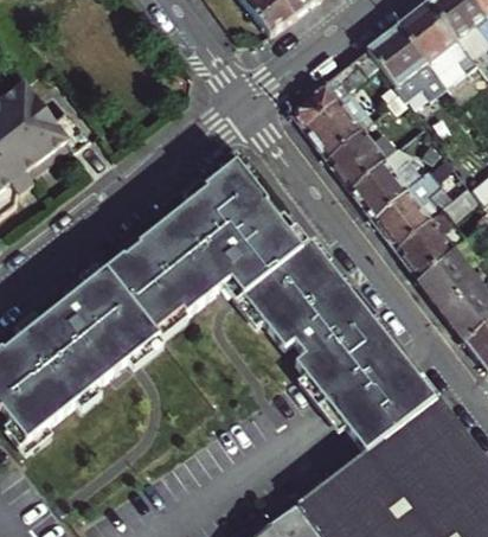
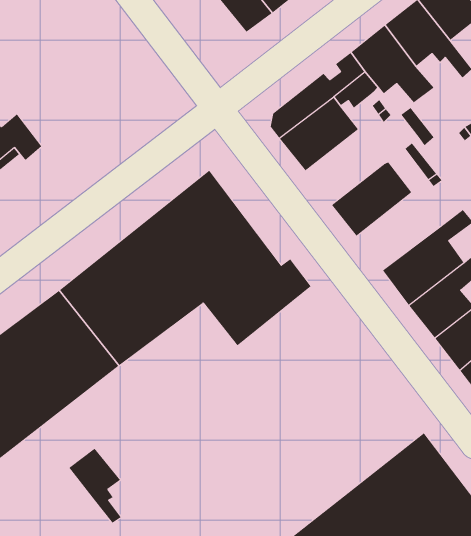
building: [326,121,398,190] -> none
building: [372,178,448,249] -> none
building: [264,263,434,450] -> none
building: none -> [69,448,121,524]

